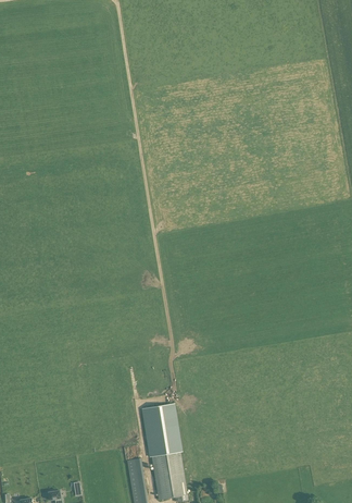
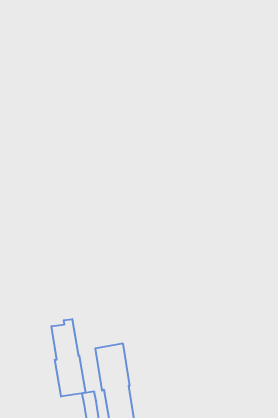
building: none -> [52,319,85,397]

